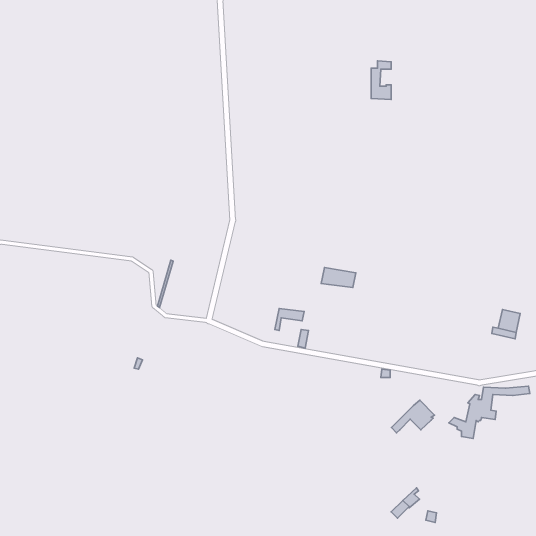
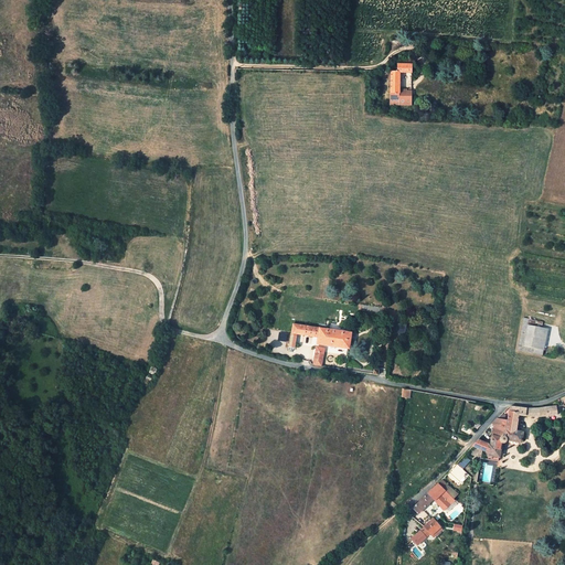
building: [321,268,356,288] -> [317,328,353,349]
building: [391,400,434,433] -> [413,479,458,513]

